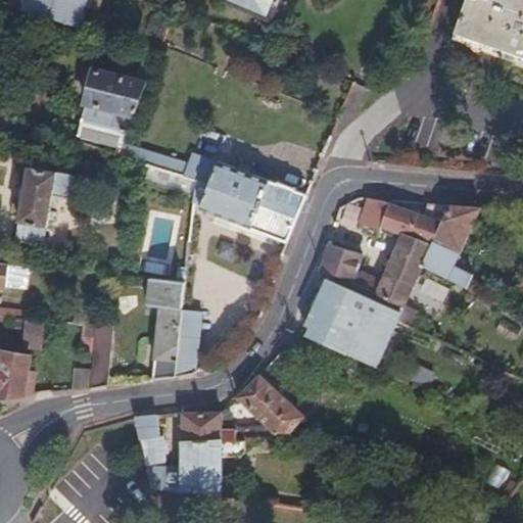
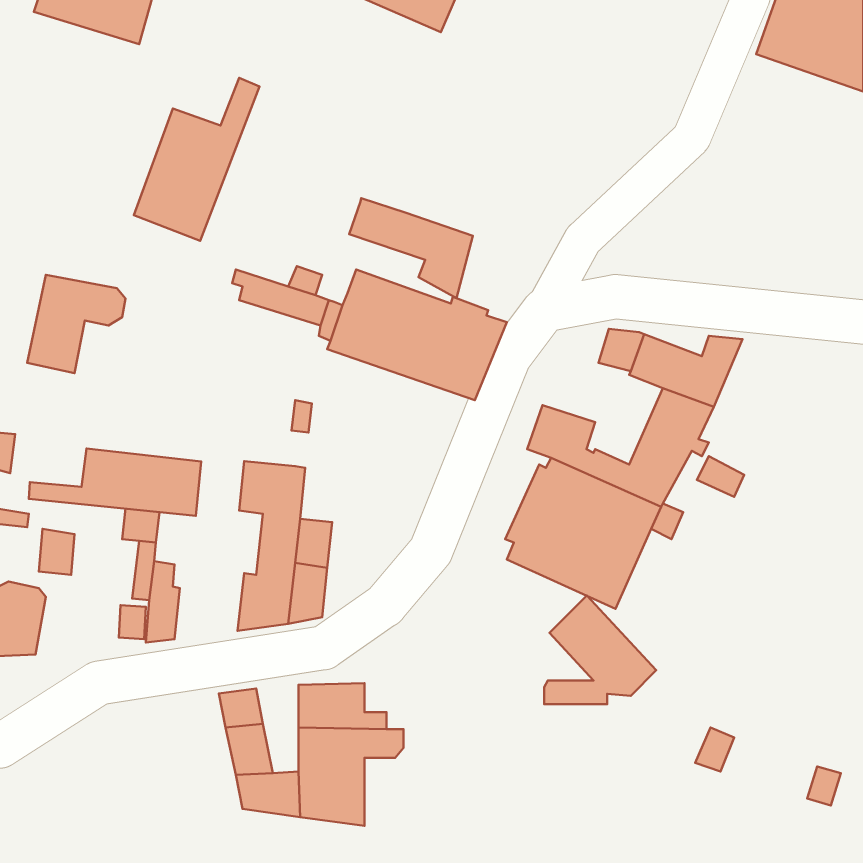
building: none -> [349,198,473,298]
building: [421,204,478,285] -> none
building: none -> [29,448,201,516]
building: [233,374,300,439] -> [544,596,656,704]

